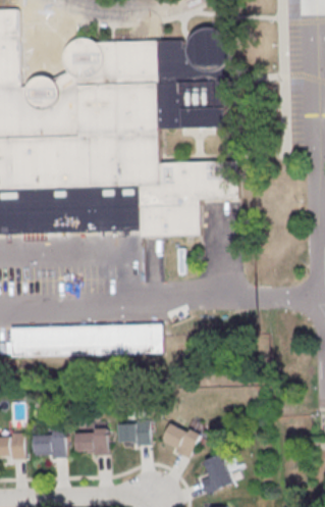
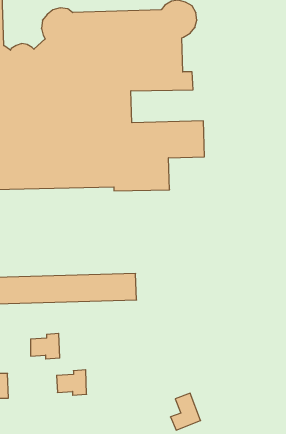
building: [118,418,150,445] -> none
building: [163,422,202,457] -> none
building: [35,429,66,457] -> [31,333,60,359]

